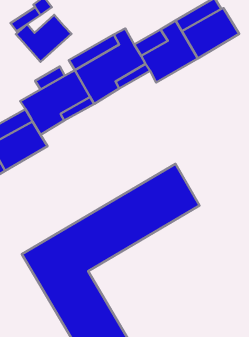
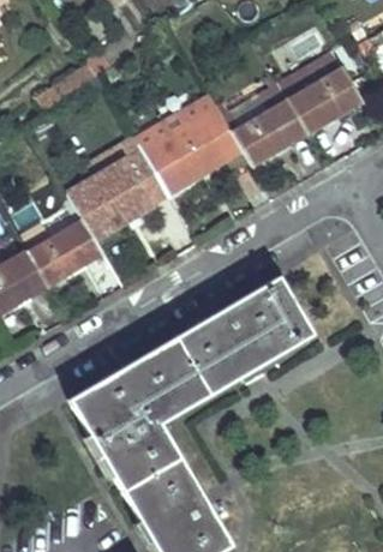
building: [16,15,71,62] -> none

